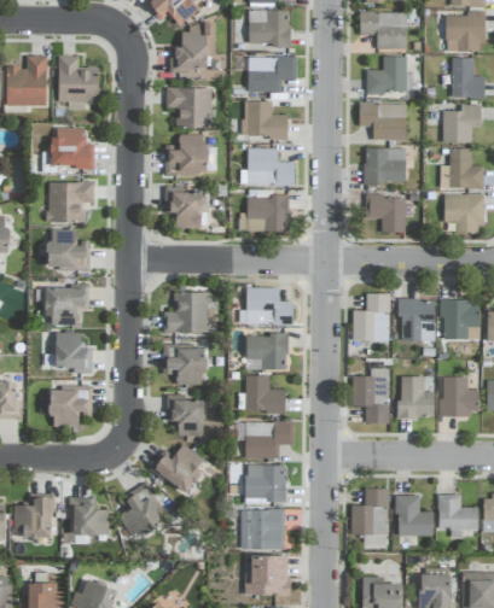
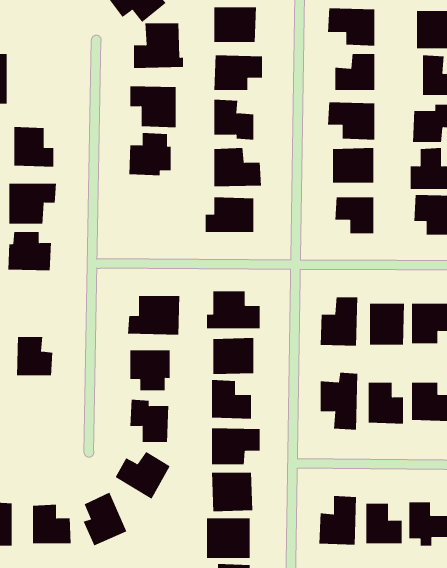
building: [58,55,98,103] -> none
building: [164,186,202,226] -> none
building: [45,287,87,325] -> none
building: [51,387,91,426] -> none

